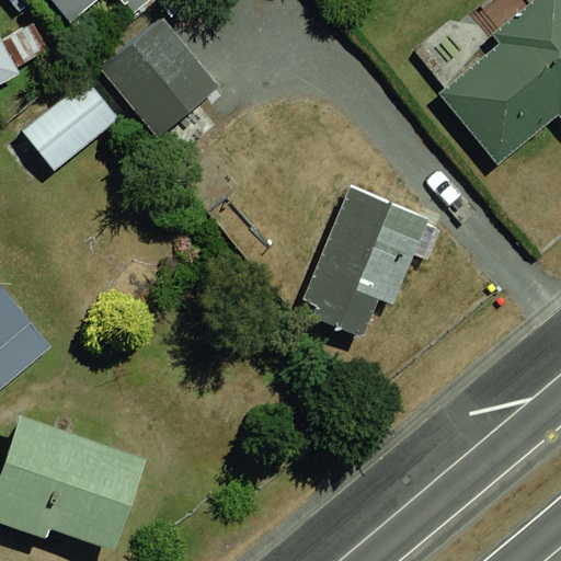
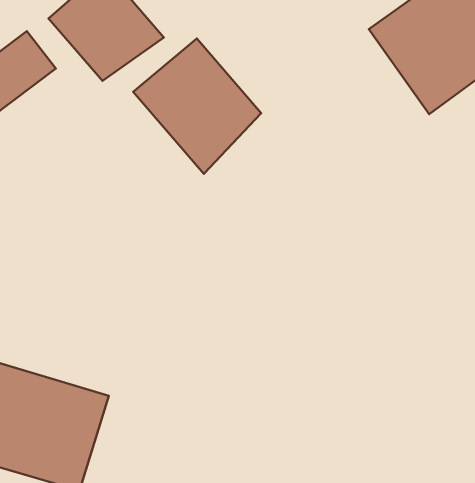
building: none -> [133,38,261,174]
building: [299,190,411,330] -> none

